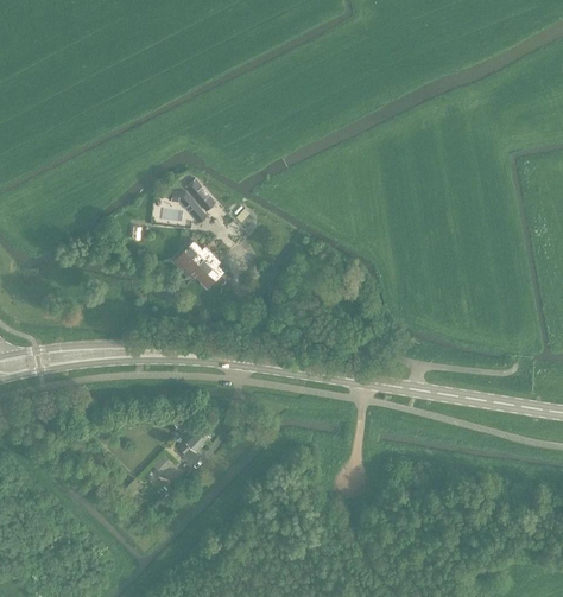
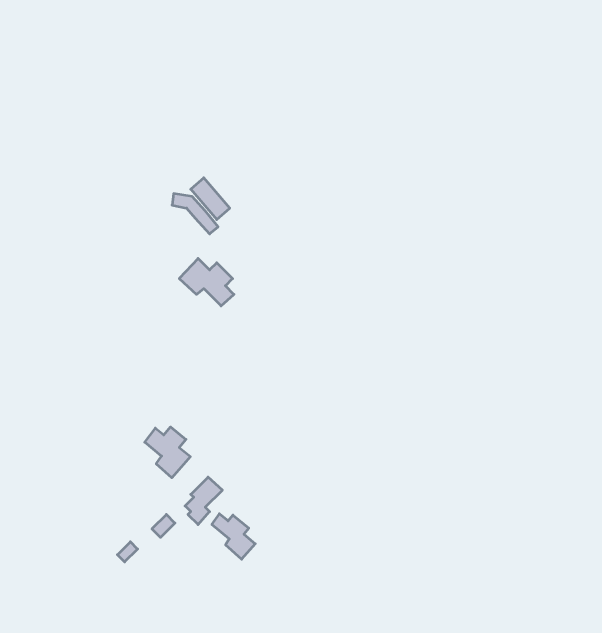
building: none -> [145,427,190,478]
building: none -> [212,514,255,559]

